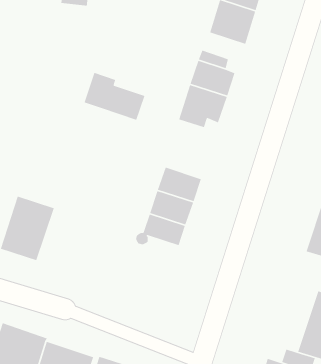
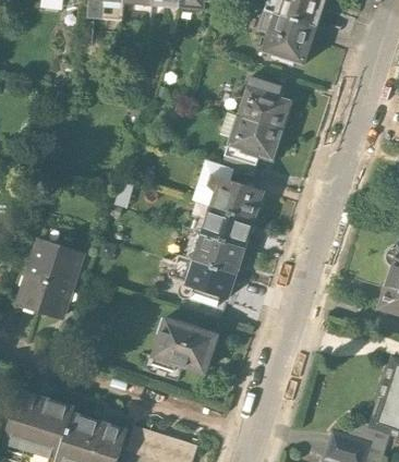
building: [84,72,145,121] -> [192,165,264,221]
building: none -> [155,317,217,373]

